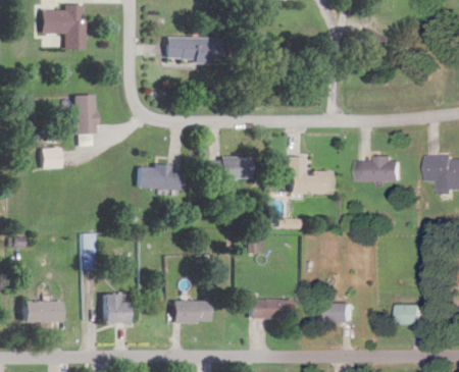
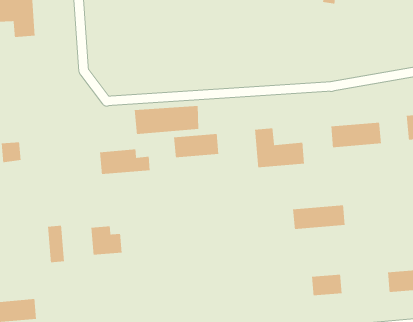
building: [164,37,226,61] -> [134,105,199,135]
building: [73,96,94,136] -> none
building: [101,295,130,322] -> [91,225,122,256]
building: [247,300,297,320] -> [292,205,346,230]
building: [172,302,209,323] -> none

